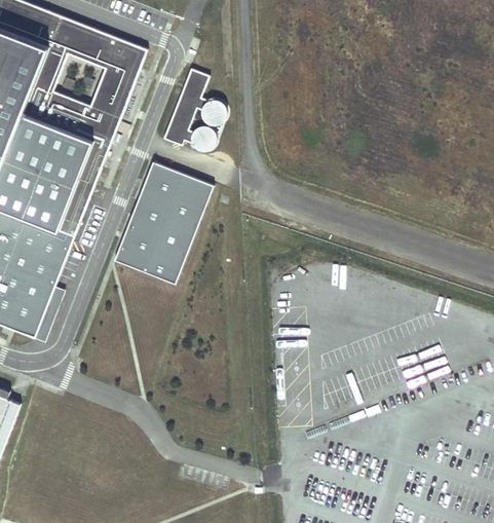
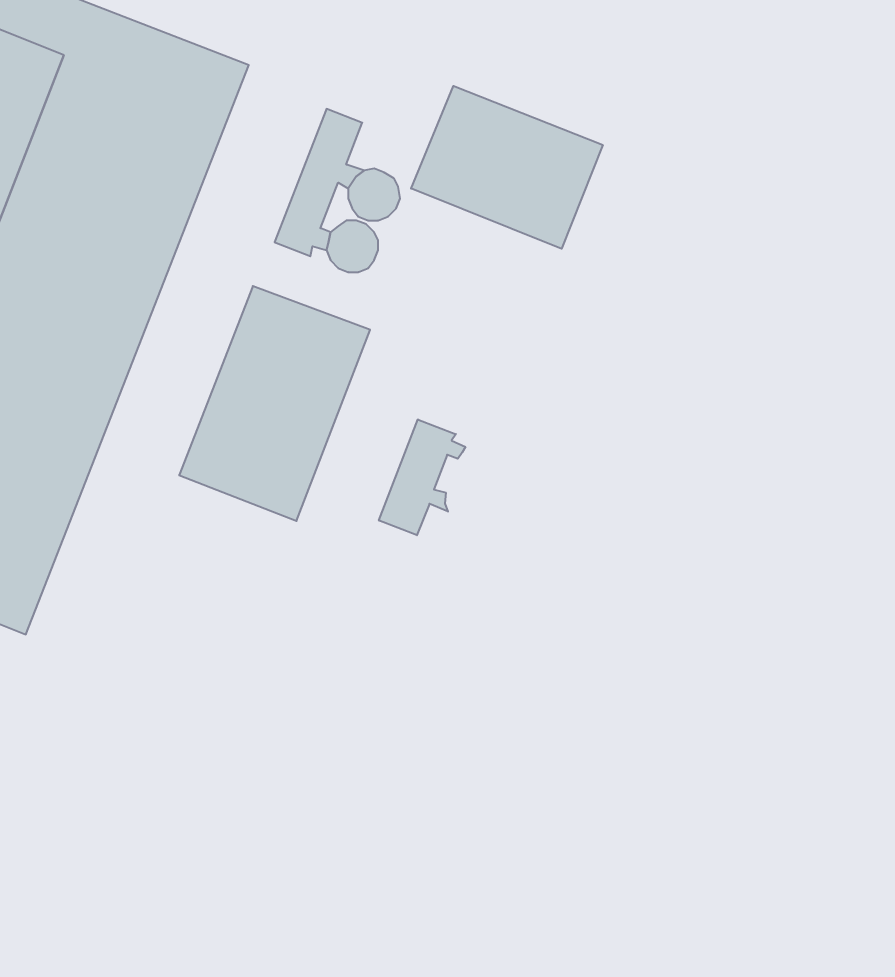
building: none -> [411,86,603,249]
building: none -> [379,419,465,535]

